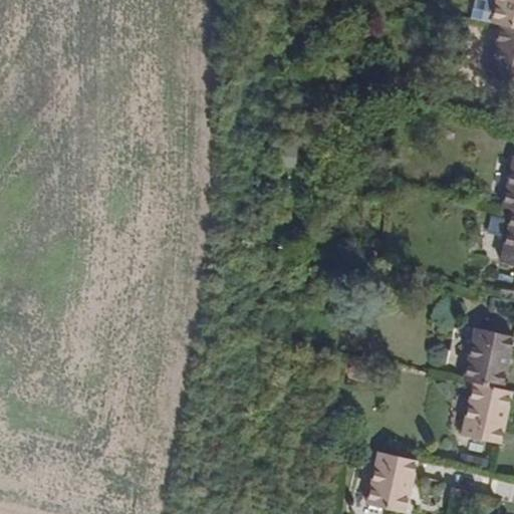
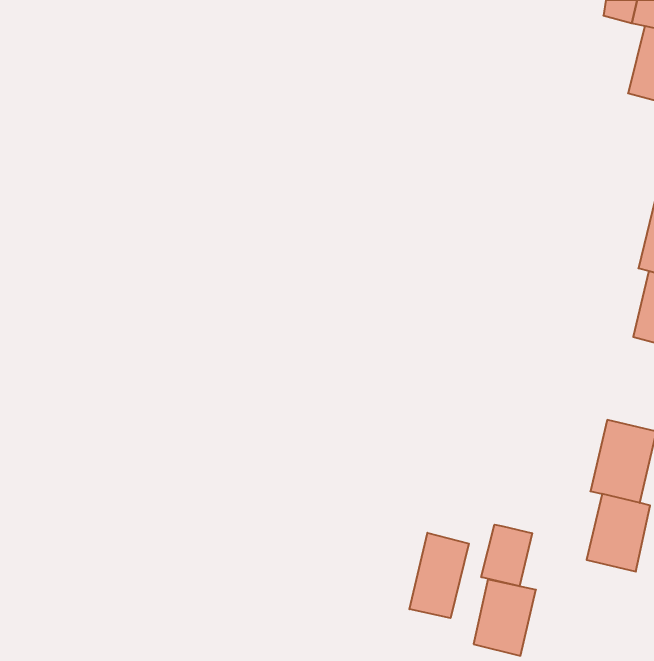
building: none -> [481,525,532,586]
building: none -> [409,533,469,618]

